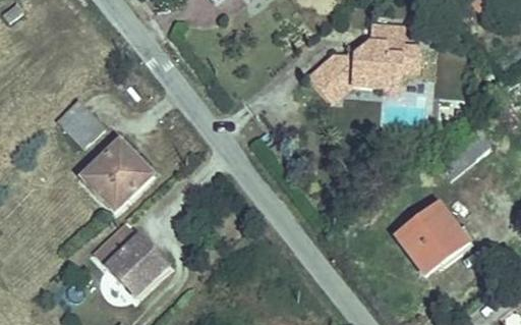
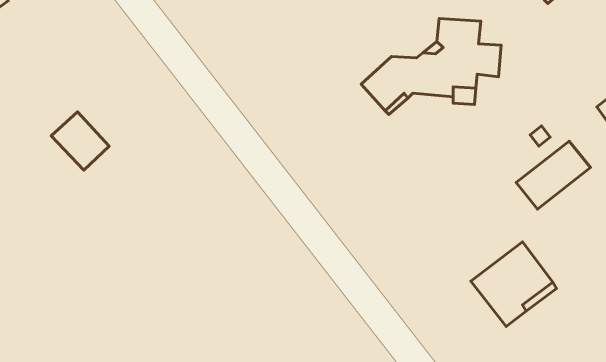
building: [81,142,151,210] -> none
building: [94,223,166,295] -> none

